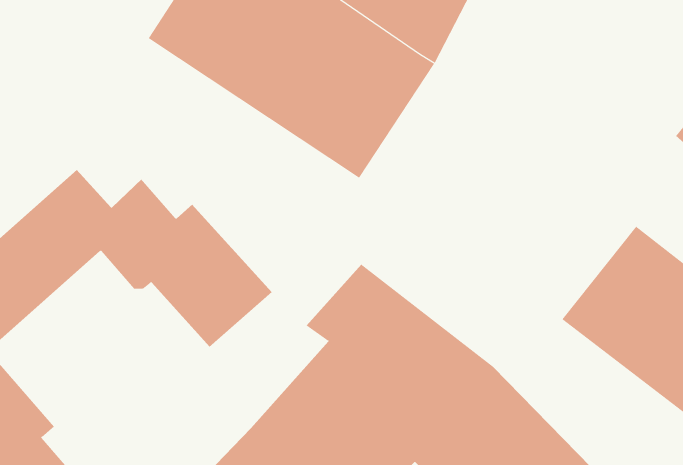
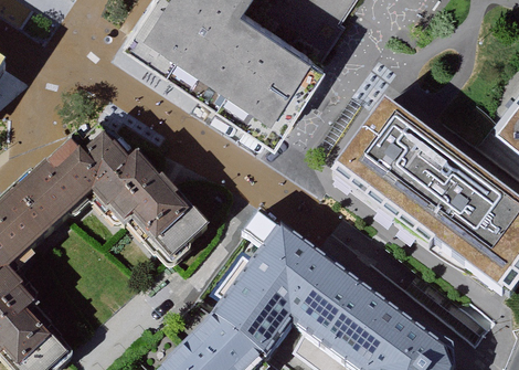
building: none -> [322,102,467,237]

